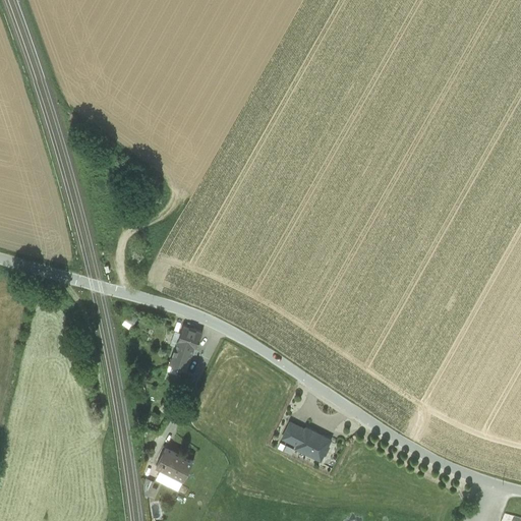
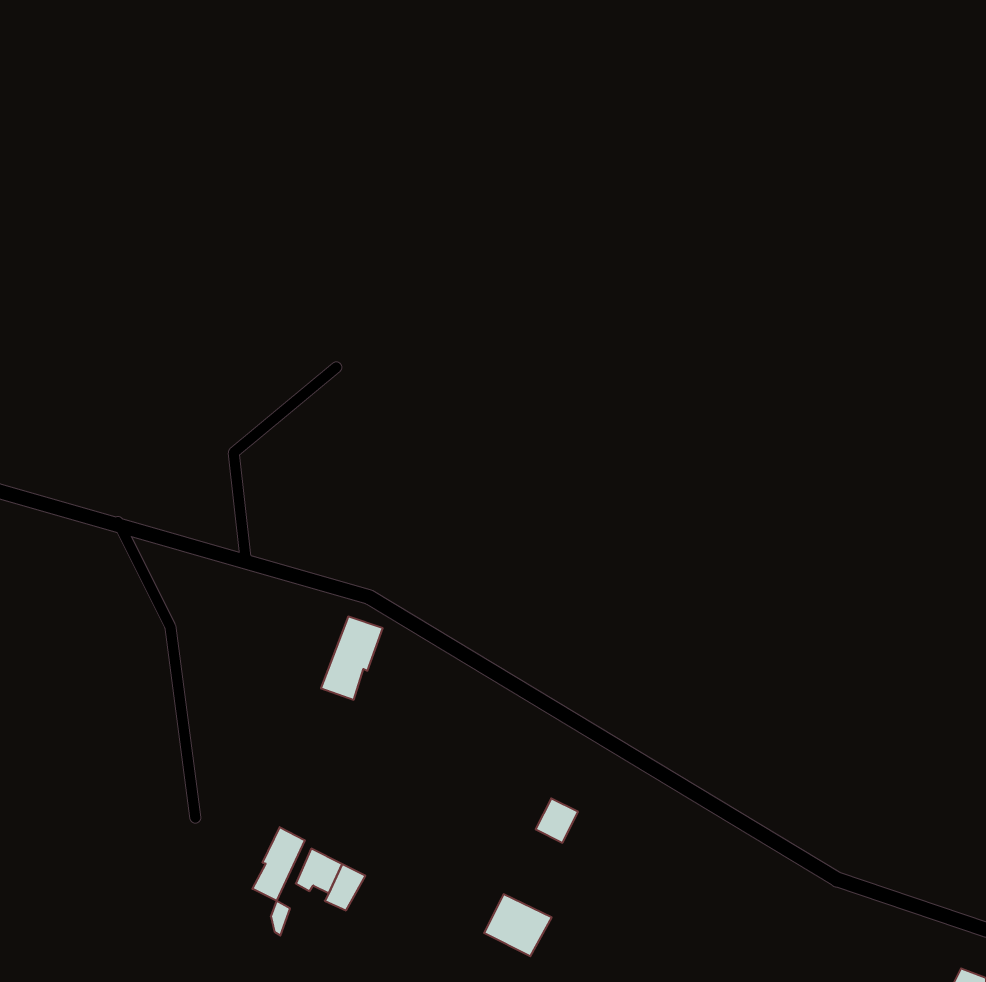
building: [295,428,331,461] -> [484,894,552,956]
building: none -> [252,827,305,901]

